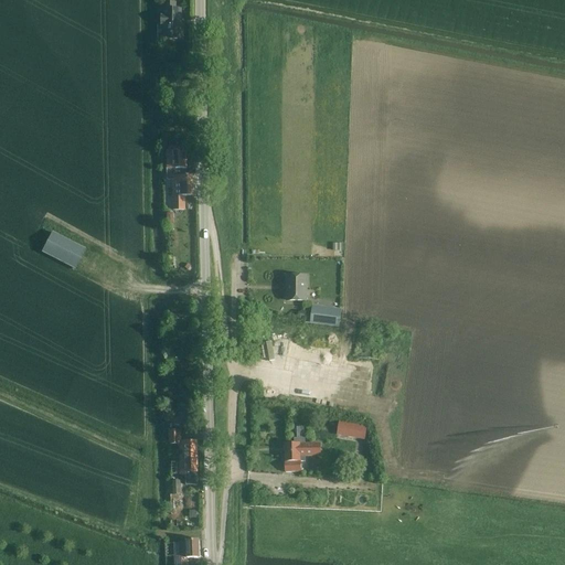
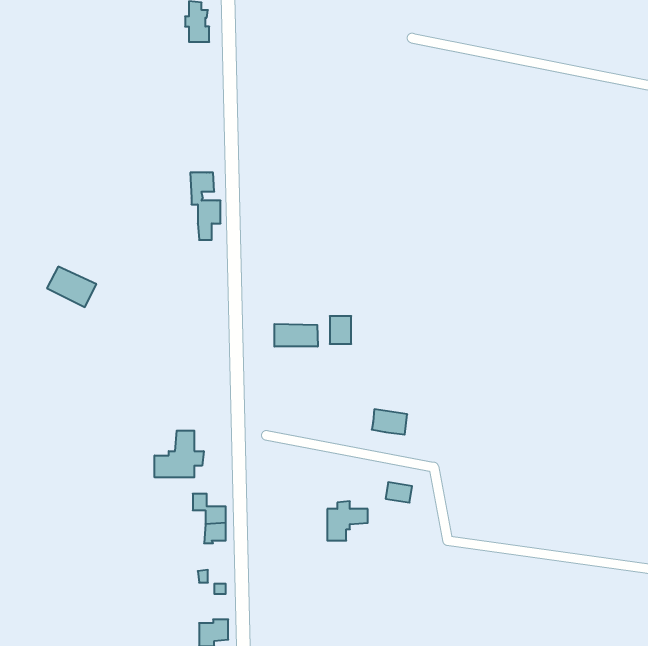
building: none -> [274,324,318,347]
building: [309,303,340,326] -> [372,409,407,435]
building: none -> [155,431,204,477]

